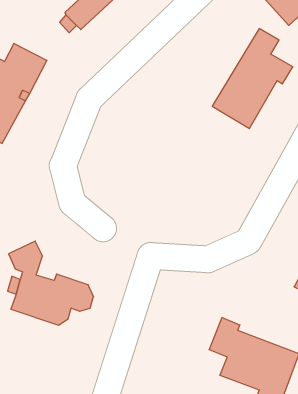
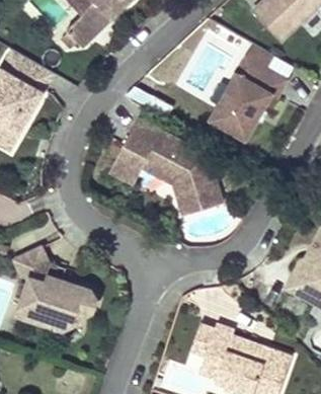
building: none -> [106,121,220,218]

